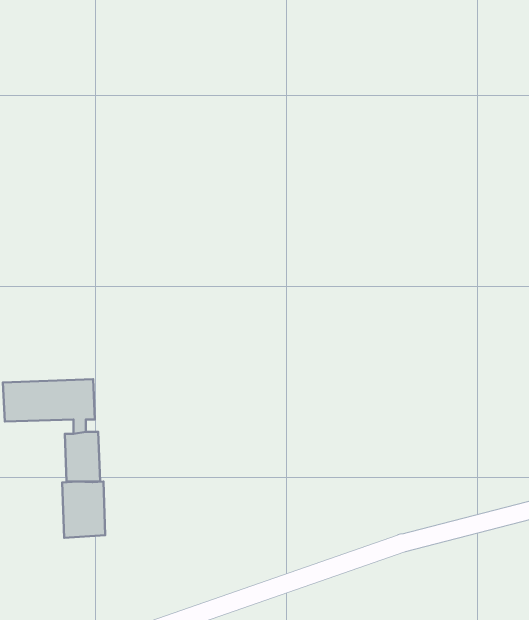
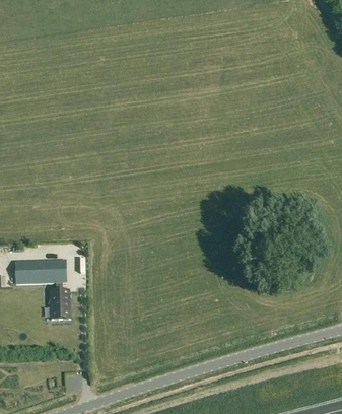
building: [62,481,105,538] -> none

